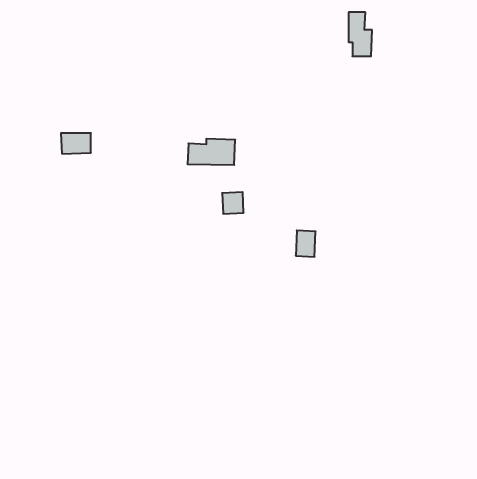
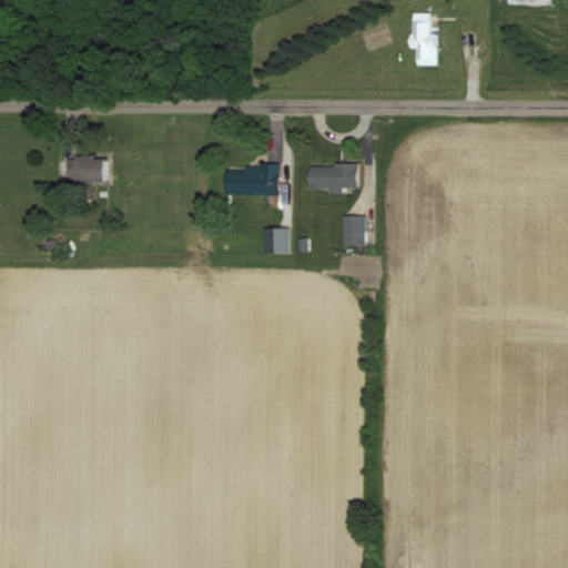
building: none -> [307,164,357,190]
building: [296,230,316,257] -> [342,215,365,246]

